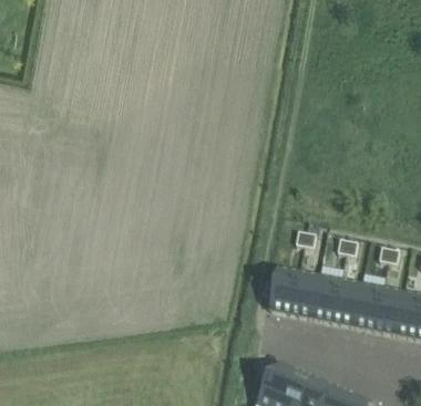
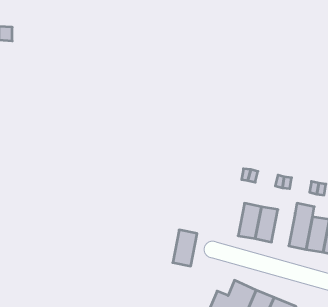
building: [269,268,299,312] -> [173,230,197,266]
building: [332,280,361,324] -> none

